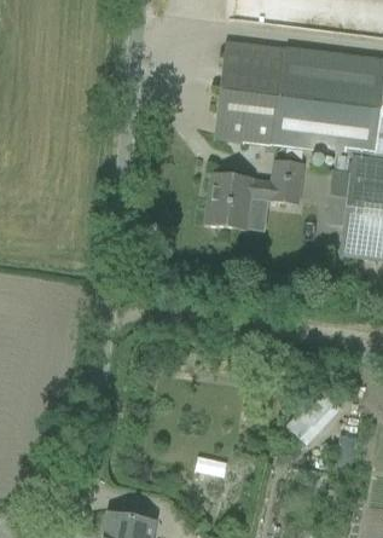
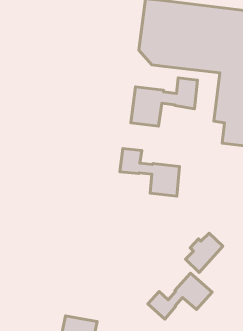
building: none -> [120,148,180,196]
building: none -> [148,273,212,319]

